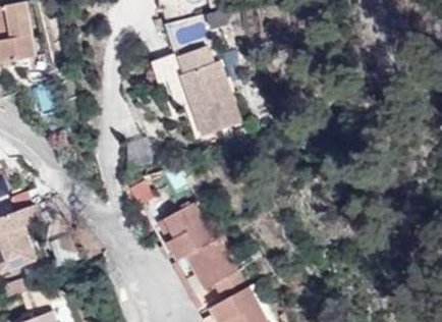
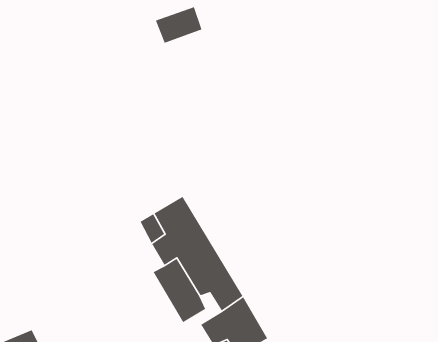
building: [168,59,242,133] -> none

